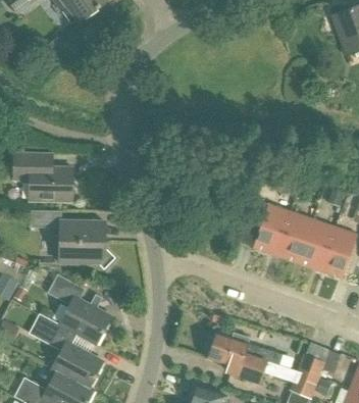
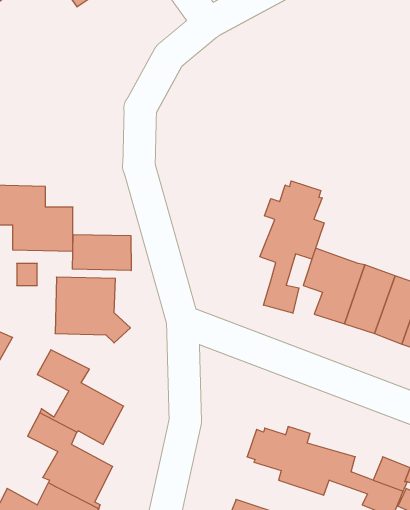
building: none -> [260,181,324,313]
building: none -> [72,235,131,271]

